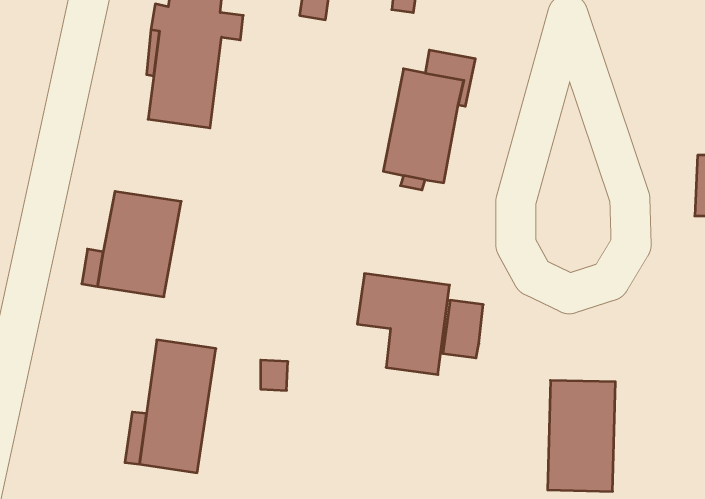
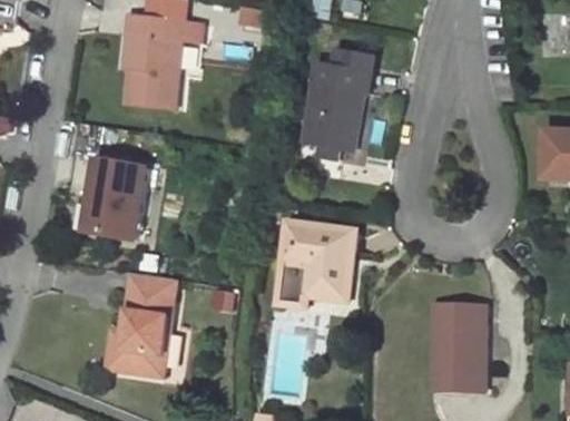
building: [443,300,483,358] -> [281,261,312,305]

